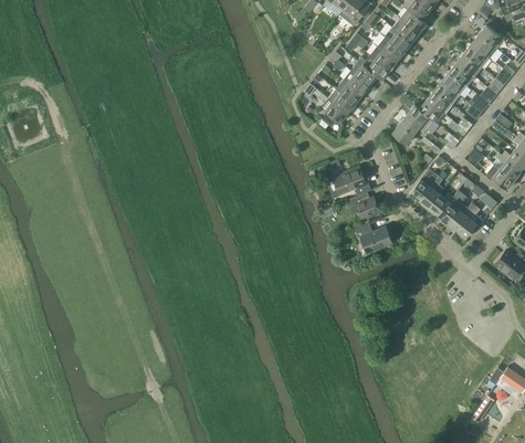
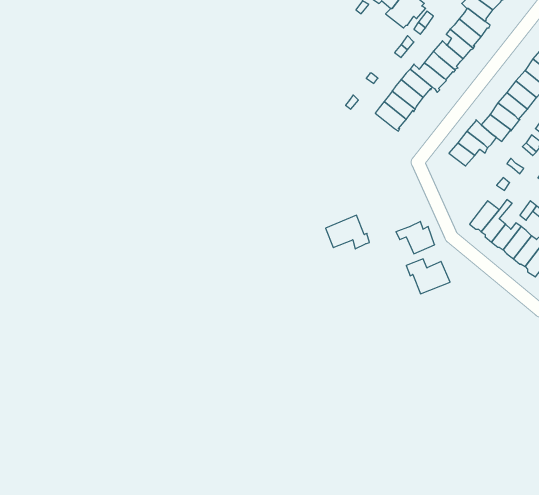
building: [319,93,349,127] -> none
building: [334,167,371,196] -> [326,215,369,249]

